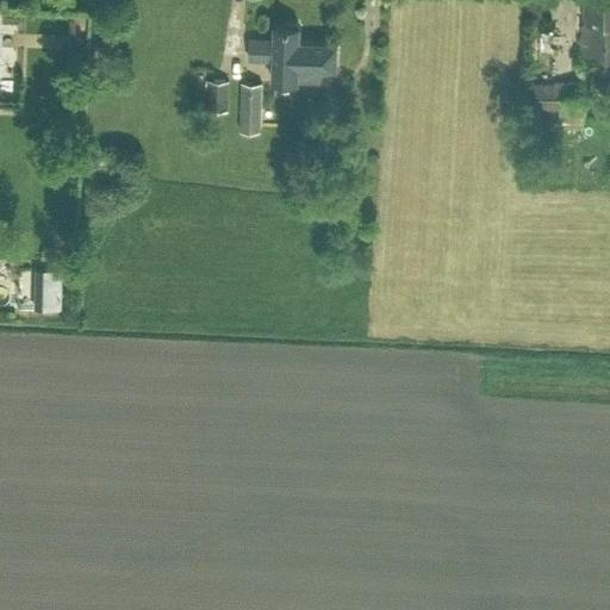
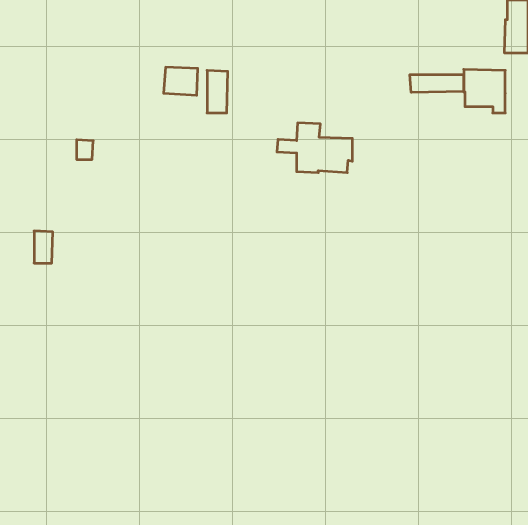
building: [249,29,336,86] -> [277,123,352,173]
building: none -> [410,75,463,92]

